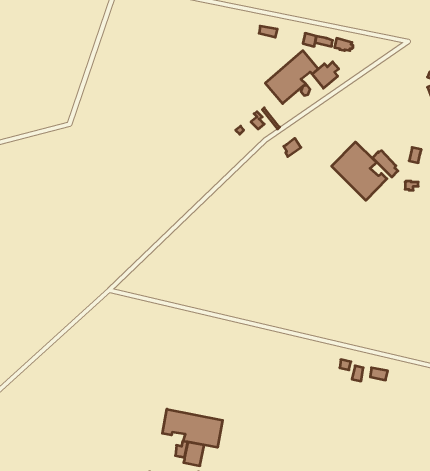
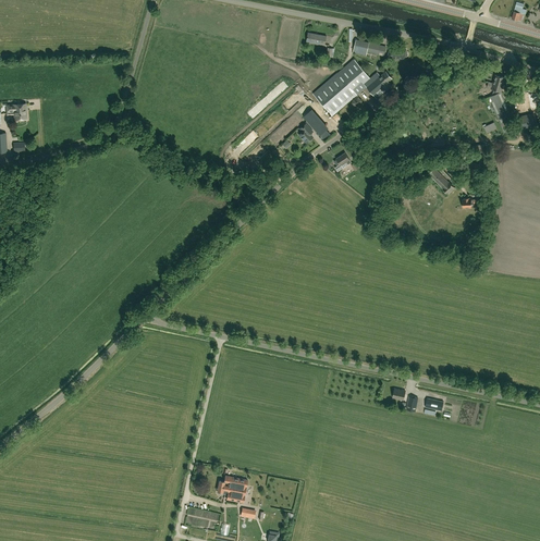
building: [332,142,387,200] -> none
building: [162,409,223,447] -> none

